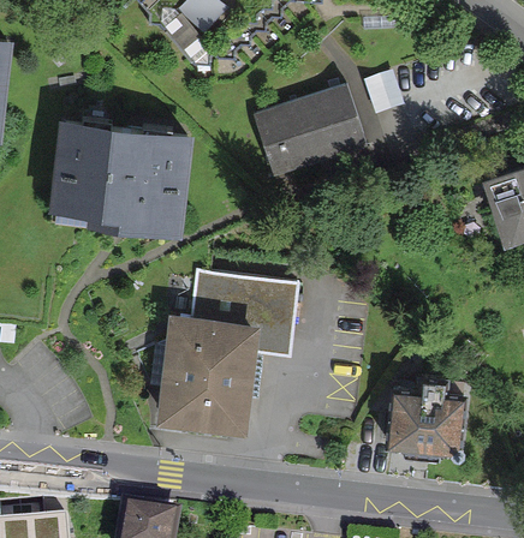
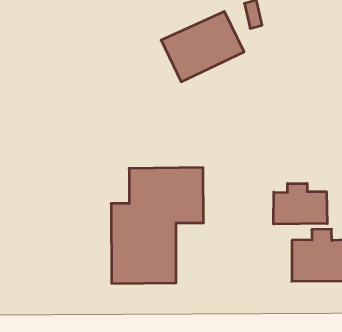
building: [56,125,183,223] -> none
building: none -> [274,183,327,224]

